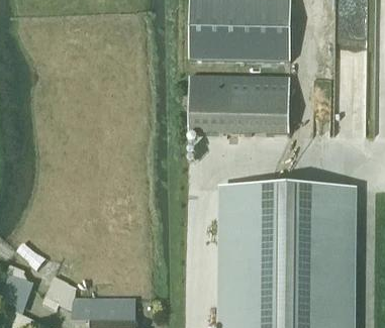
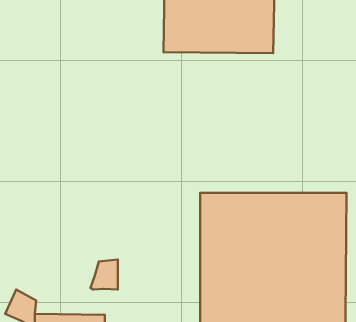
building: [186,76,287,132] -> none
building: none -> [91,260,118,289]

